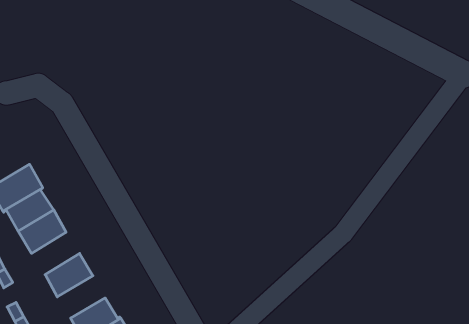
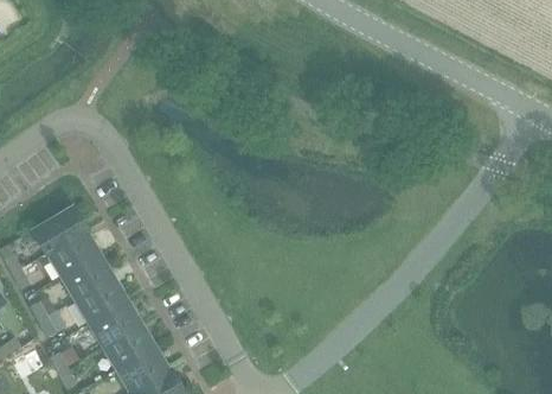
building: none -> [76,278,127,323]
building: none -> [103,324,154,369]

